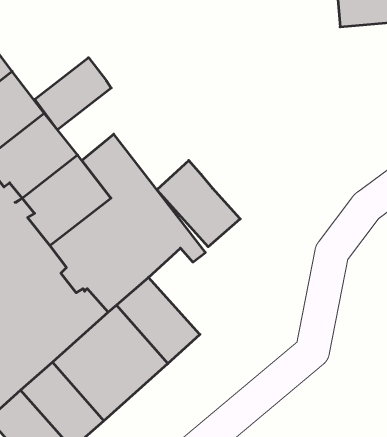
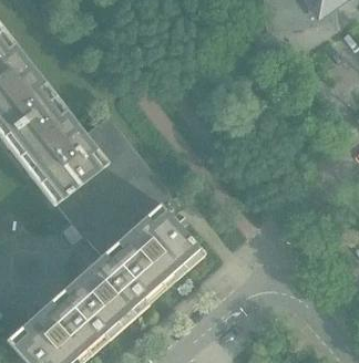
building: [35,58,111,130] -> none
building: [157,160,240,247] -> [144,206,211,274]

